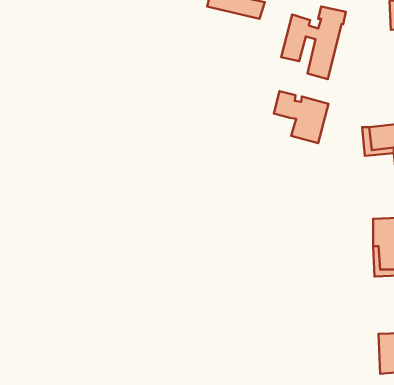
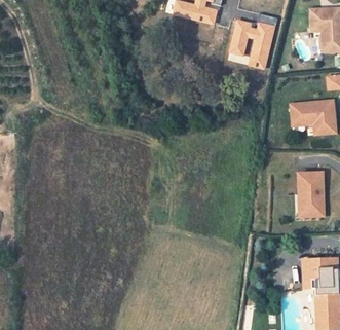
building: [274,91,329,143] -> none

